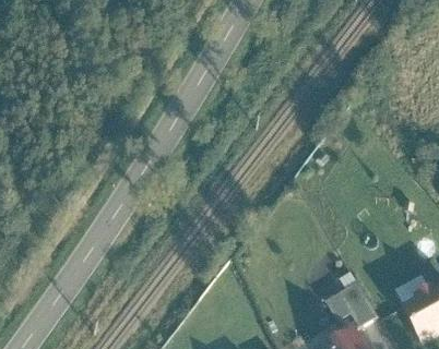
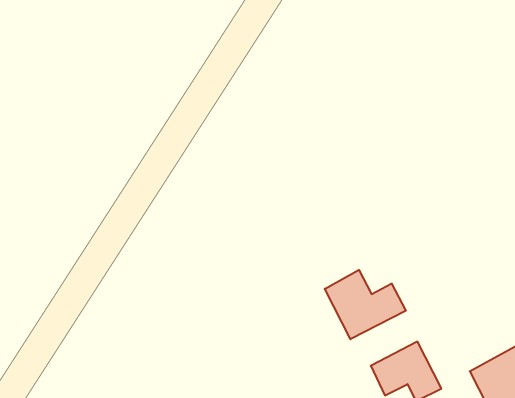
building: none -> [325,270,406,339]

